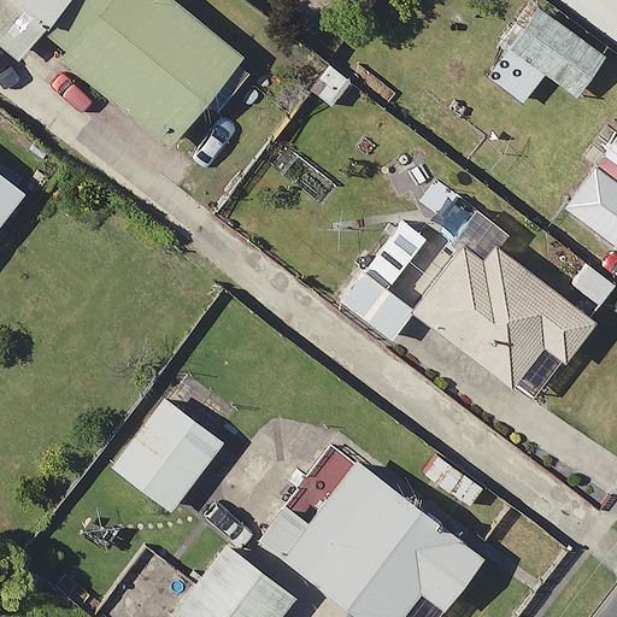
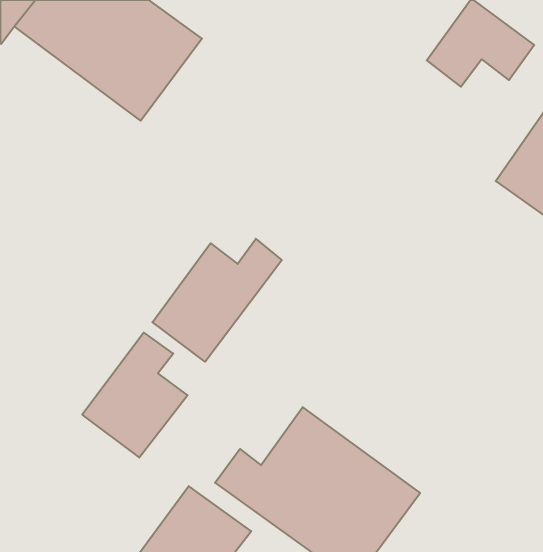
building: [342,237,594,401] -> none
building: none -> [152,239,282,362]

